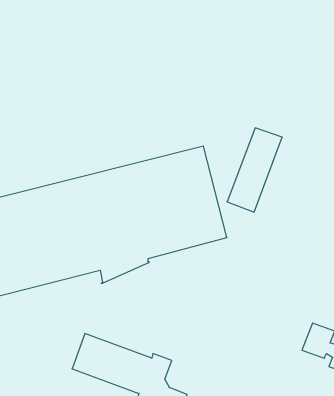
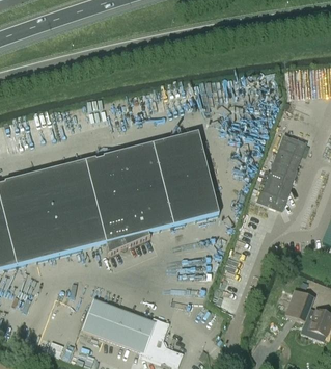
building: [227,128,282,212] -> [257,133,306,208]

